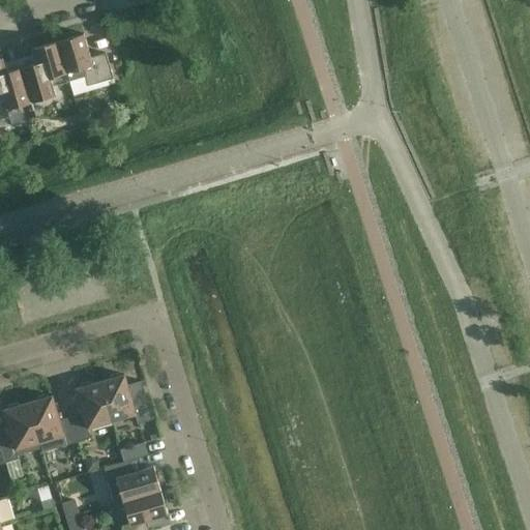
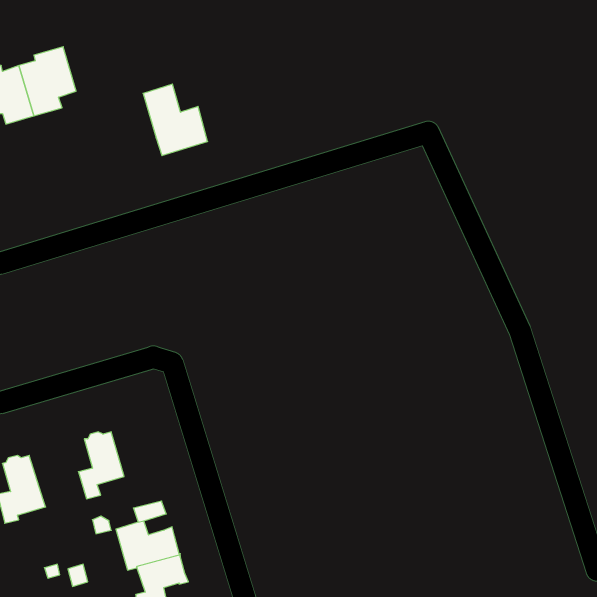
building: [56,34,113,97] -> [143,84,208,156]
building: [98,374,151,424] -> none
building: [26,395,77,446] -> none

